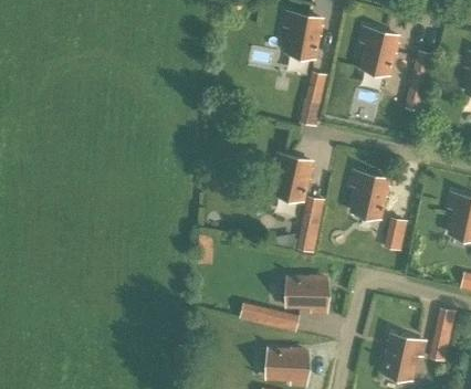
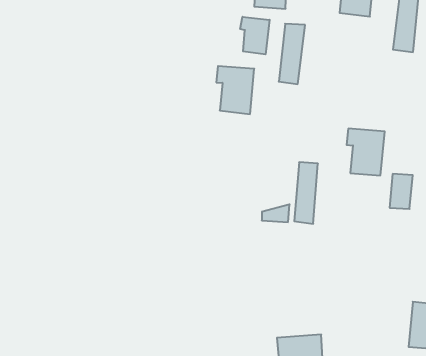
building: none -> [240,17,270,54]
building: [274,155,310,201] -> [216,66,254,114]
building: [286,278,326,313] -> none
building: [252,305,300,333] -> none

